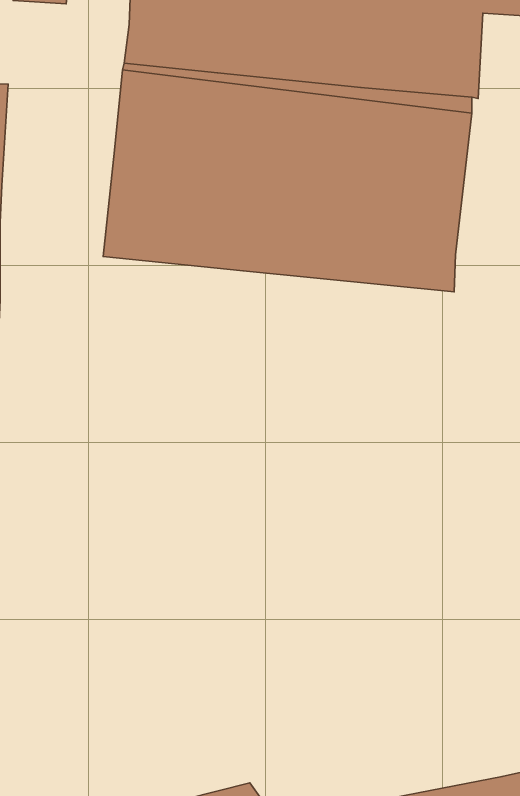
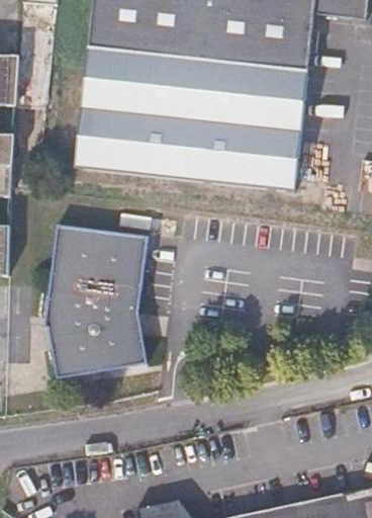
building: none -> [42,228,146,379]

